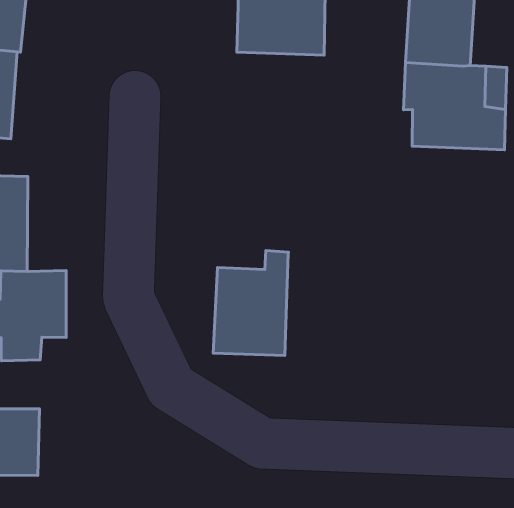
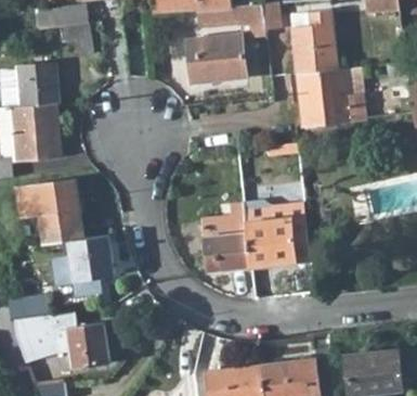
building: none -> [243,201,310,266]

